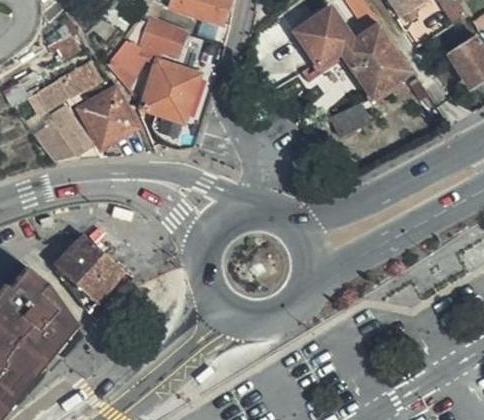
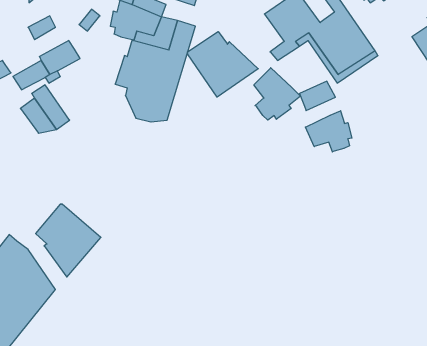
building: [106,29,143,88] -> none
building: none -> [187,32,258,97]
building: [79,87,137,147] -> none
building: none -> [254,68,300,120]
building: none -> [305,111,352,152]

